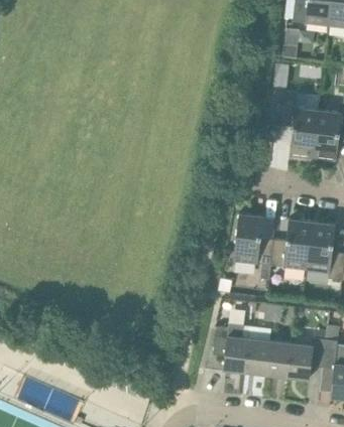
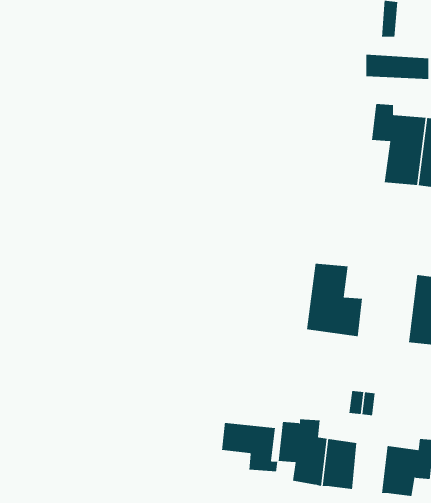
building: [270,219,312,270] -> none
building: none -> [221,422,278,472]
building: [266,341,291,378] -> none

